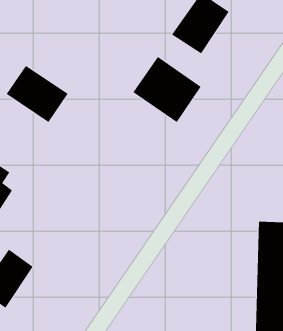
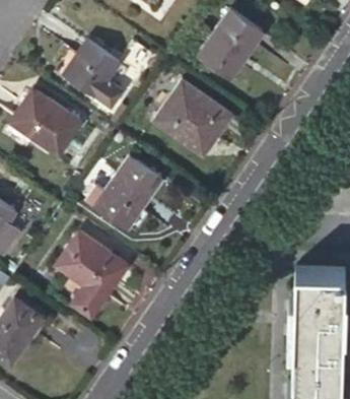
building: none -> [64,41,120,104]
building: none -> [86,156,161,228]
building: none -> [56,231,127,317]

